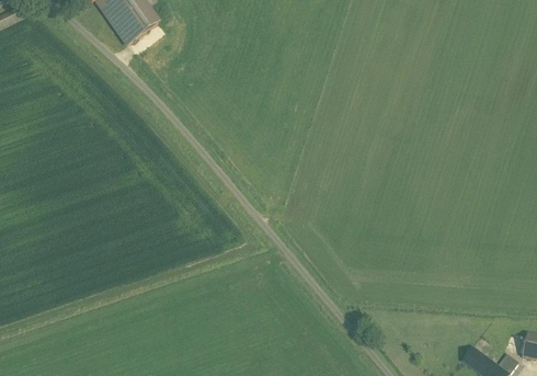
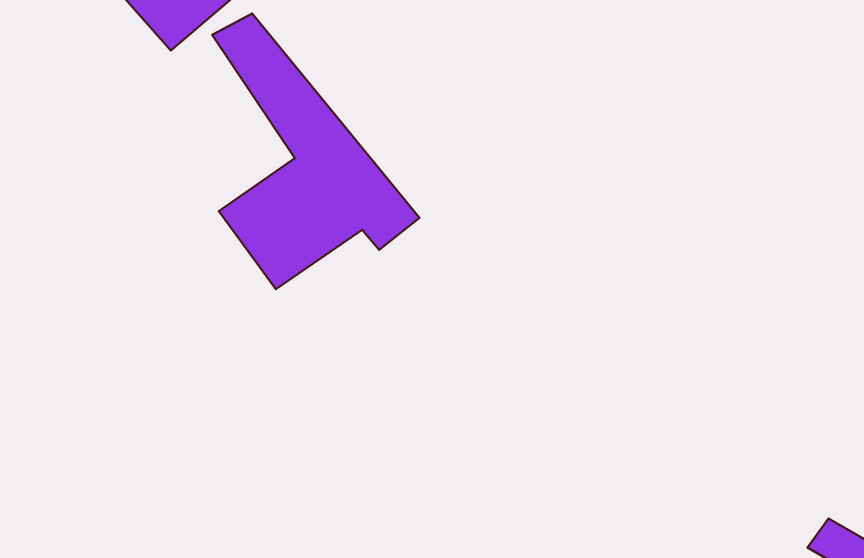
building: none -> [212,13,420,289]

